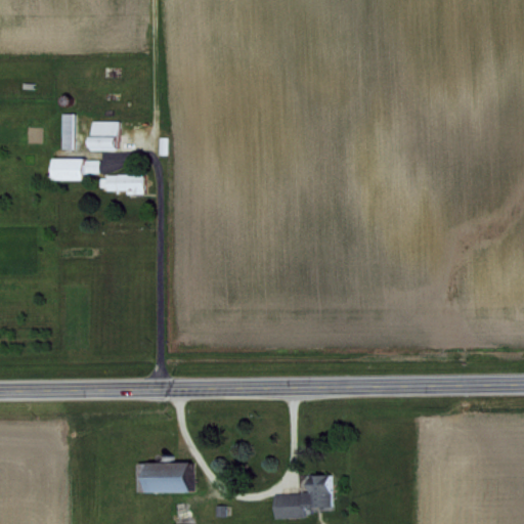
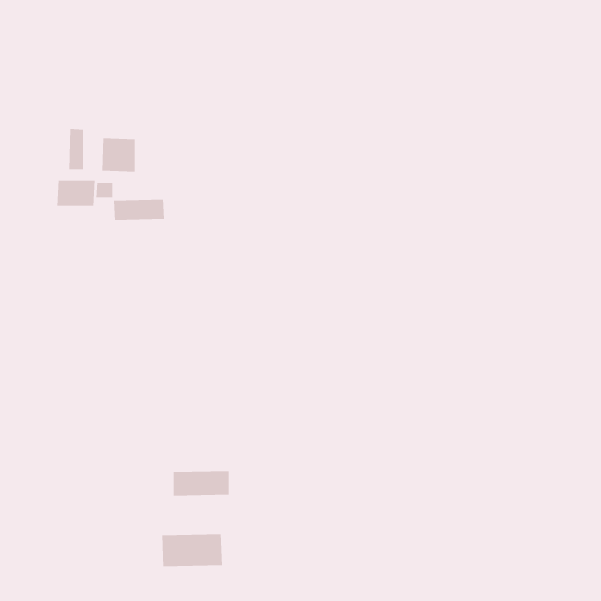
building: none -> [173,470,229,496]
building: [272,475,331,518] -> none

